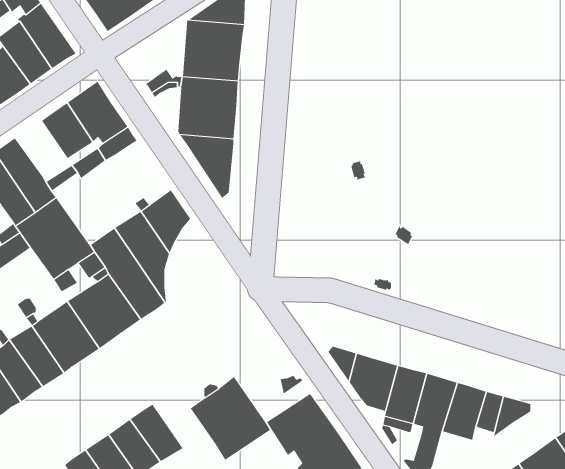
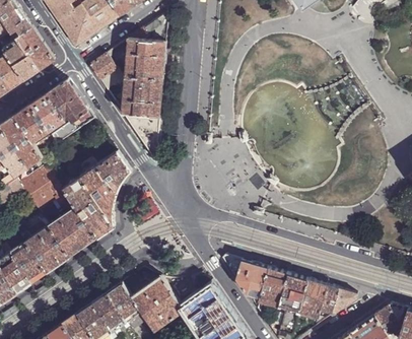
building: none -> [88,53,117,80]
building: none -> [13,105,48,141]
building: none -> [105,282,145,329]

